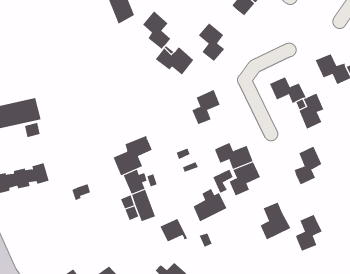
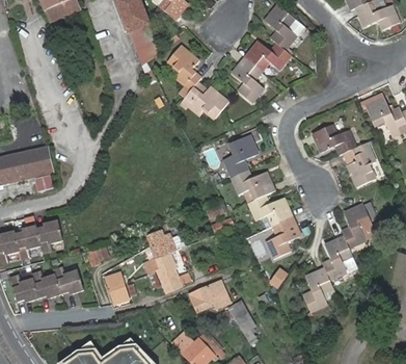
building: none -> [244,43,291,75]
building: none -> [232,171,276,203]
building: [113,135,152,176] -> none
building: [193,188,227,222] -> none
building: none -> [12,269,84,303]
building: none -> [107,270,132,301]
building: [295,214,323,252] -> [321,234,352,277]

